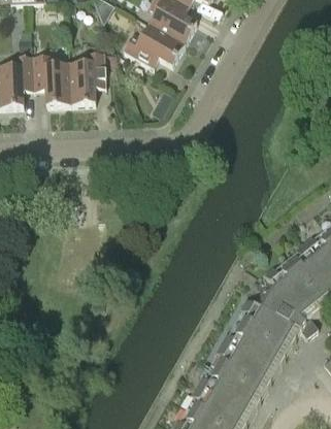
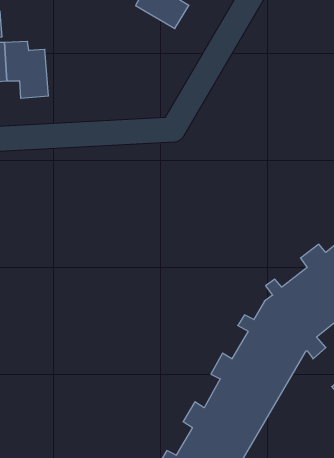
building: [124,23,185,67] -> none
building: [69,53,106,103] -> none

